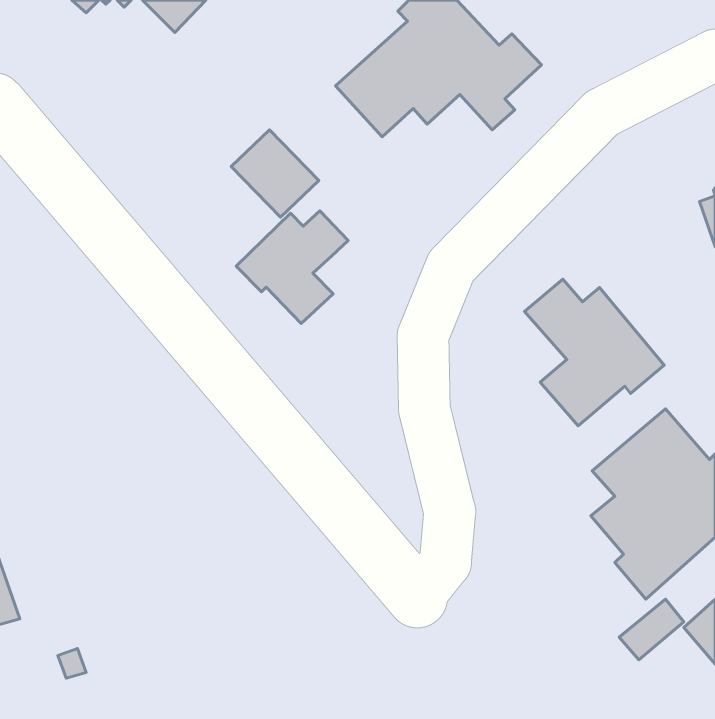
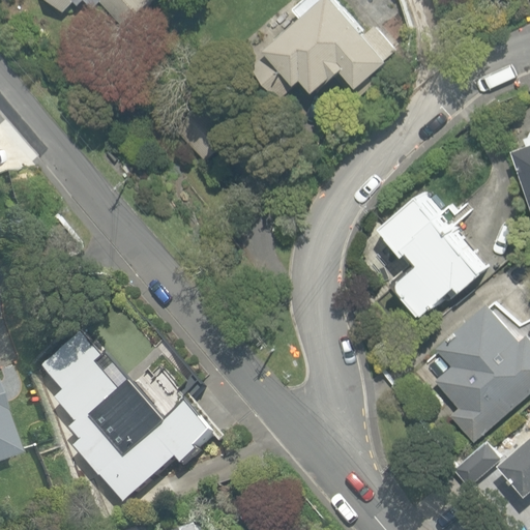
building: [236,211,348,323] -> none
building: none -> [40,331,215,506]

